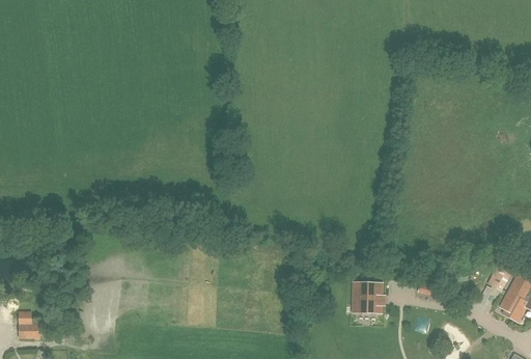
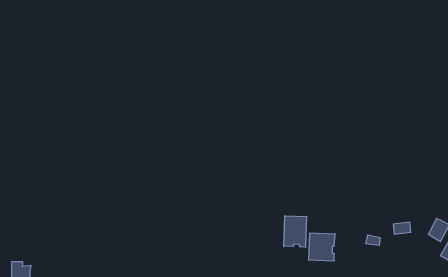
building: none -> [284,216,307,247]

